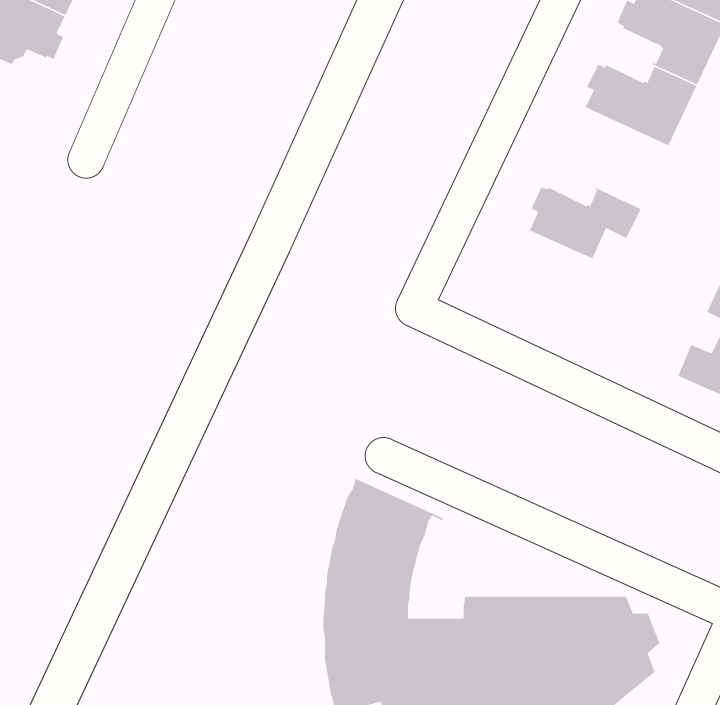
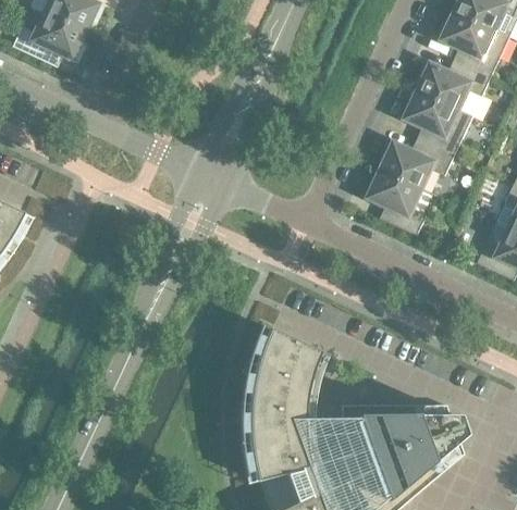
building: none -> [401,90,471,156]
building: none -> [364,170,426,235]

